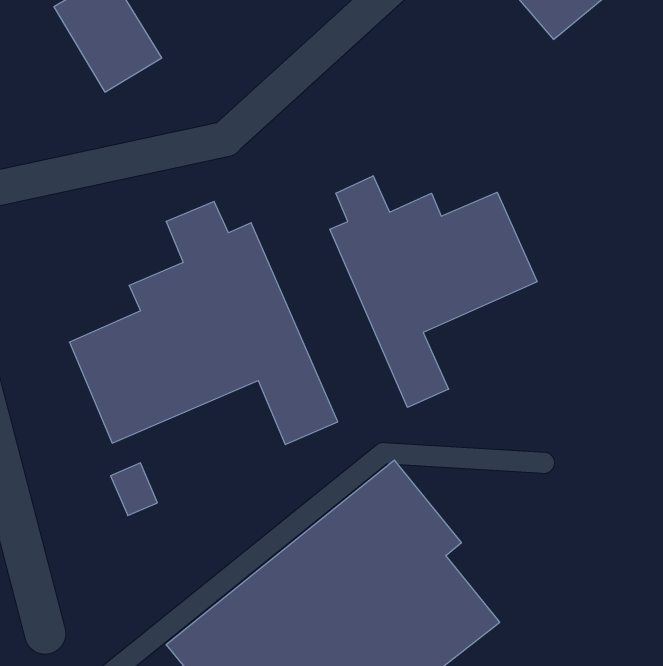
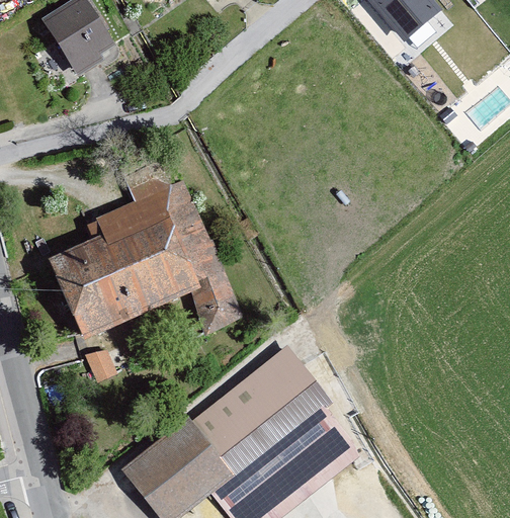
building: [330,176,537,407] -> none

